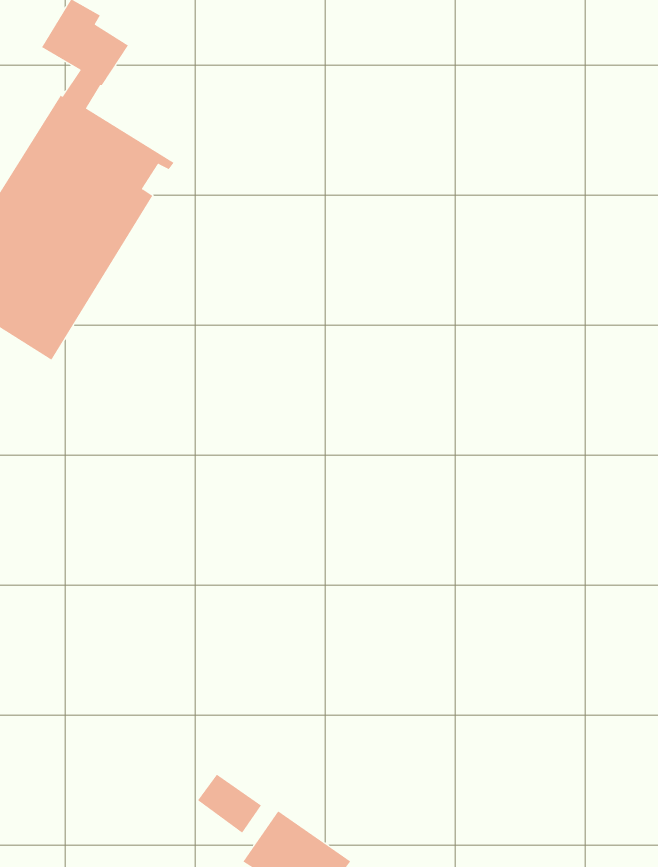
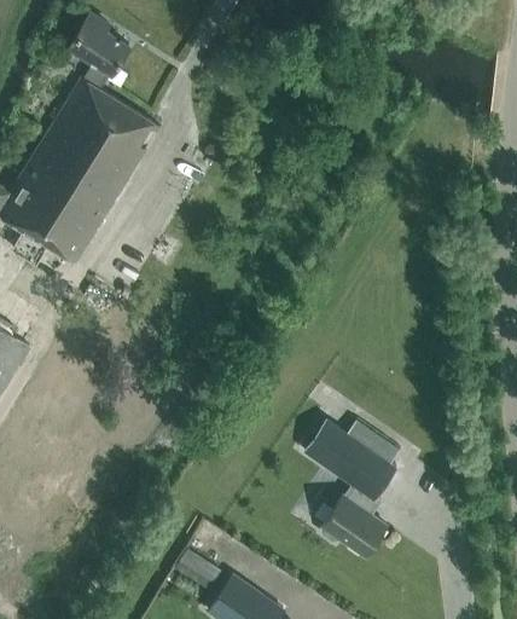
building: none -> [304,418,396,555]

